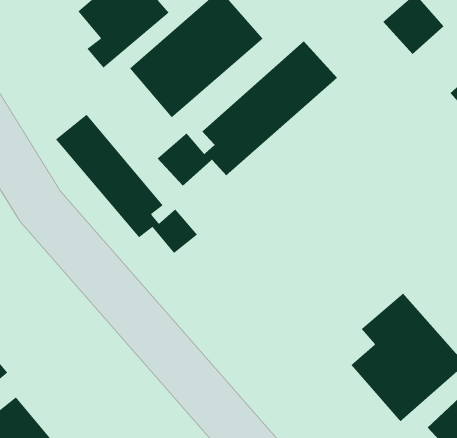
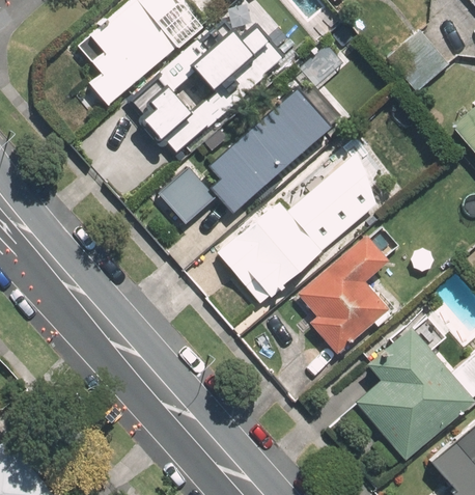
building: [55,114,198,254] -> none
building: none -> [225,156,382,299]
building: none -> [300,238,388,352]

